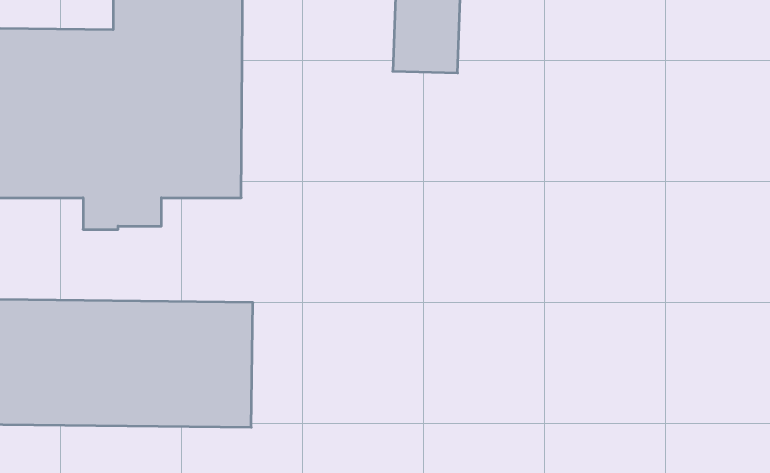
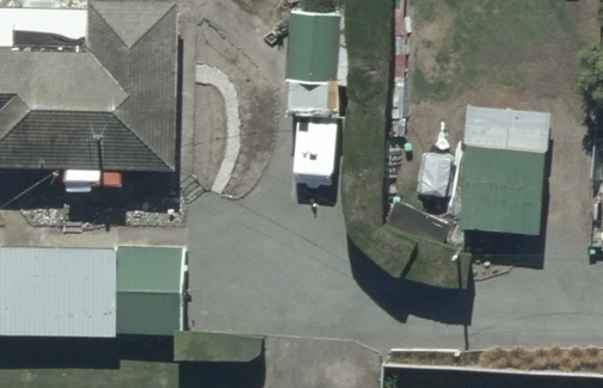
building: none -> [455,140,541,240]

